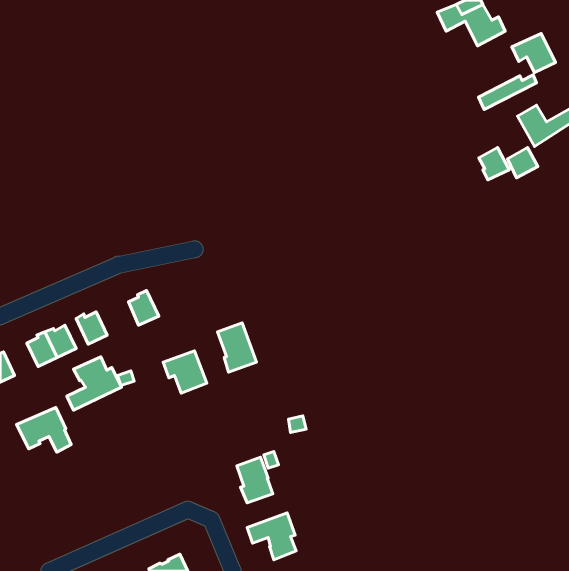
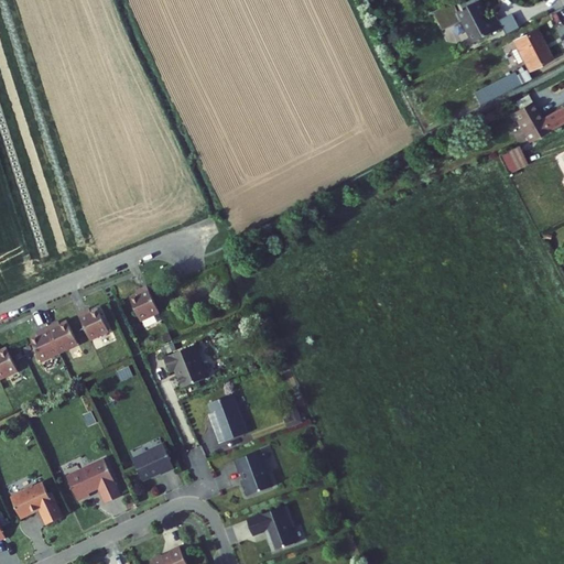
building: [479,148,509,180] -> none
building: [217,323,257,372] -> [209,394,248,443]
building: [67,357,122,410] -> none
building: [17,408,71,452] -> [65,459,119,503]
building: none -> [132,444,175,482]
building: none -> [11,484,62,524]

